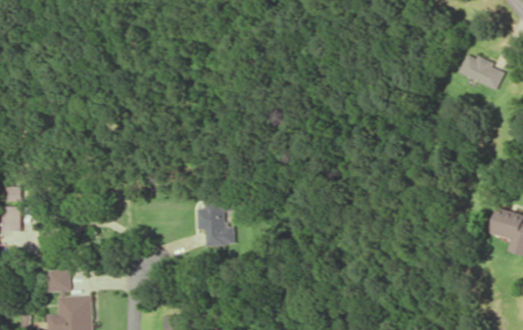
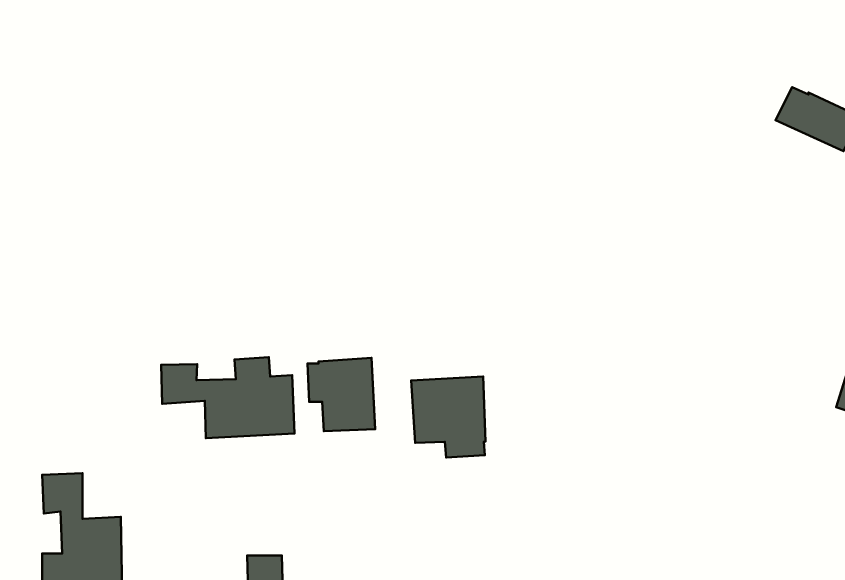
building: none -> [161,357,295,438]
building: none -> [411,377,486,457]

